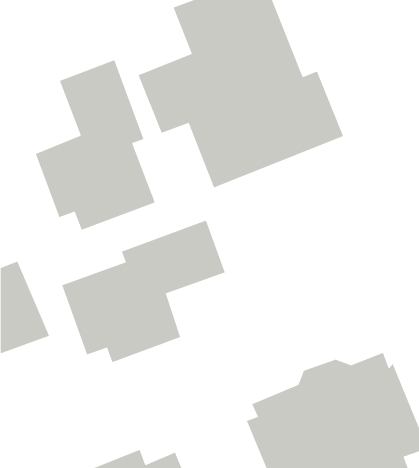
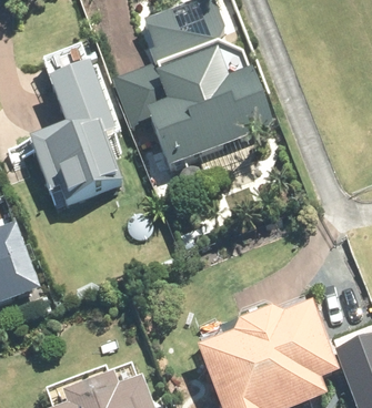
building: [61,219,226,363] -> none

